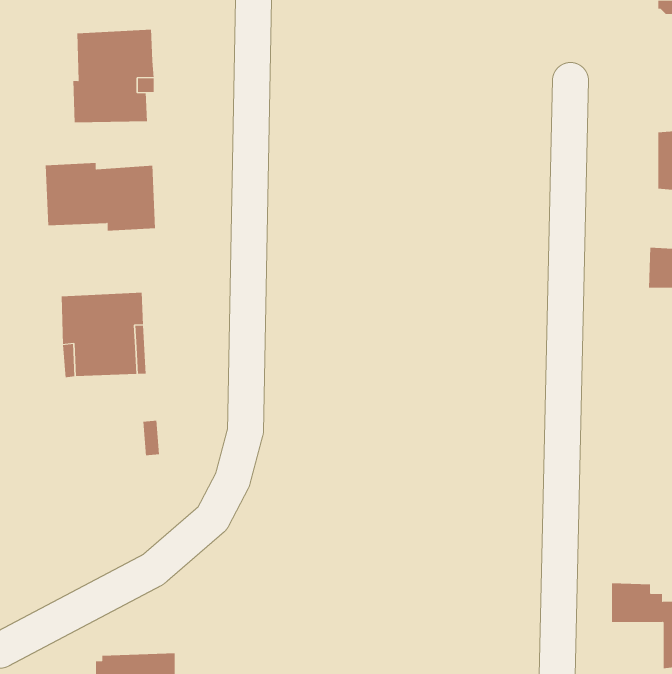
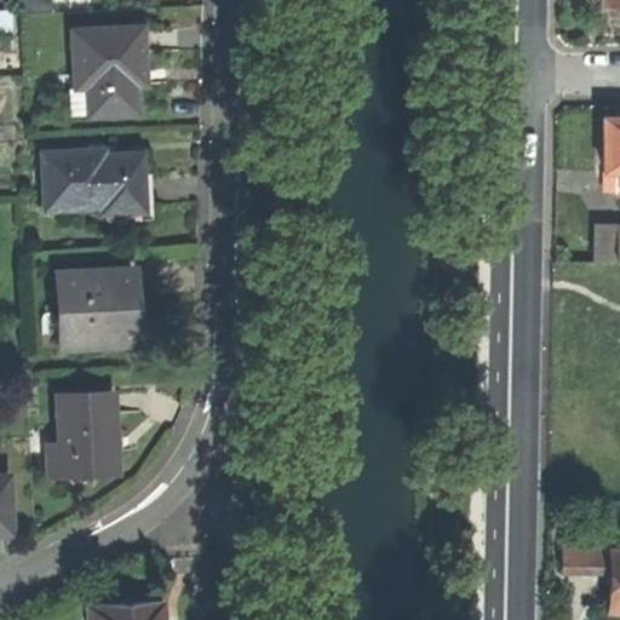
building: none -> [50,392,117,478]

